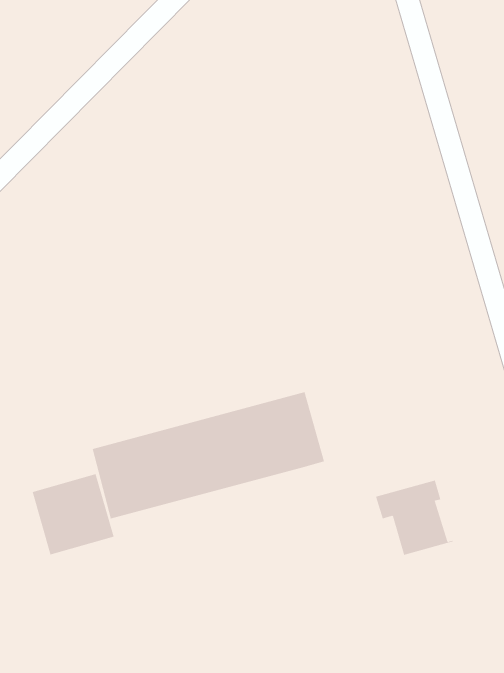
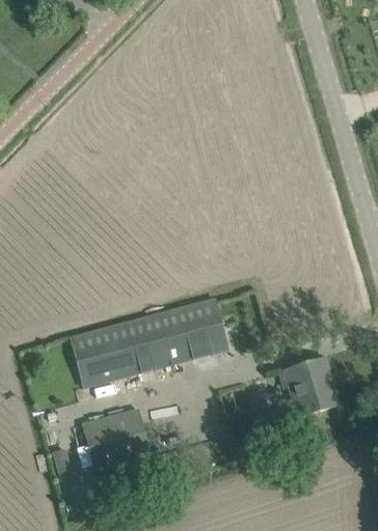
building: [32,474,115,555] -> [86,413,147,473]

